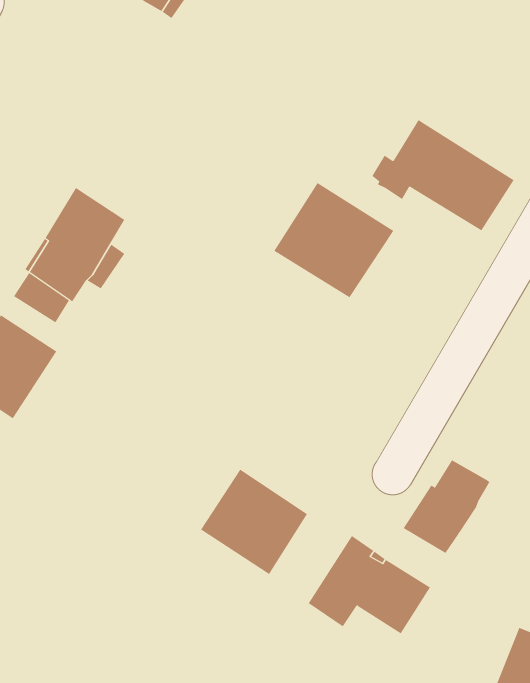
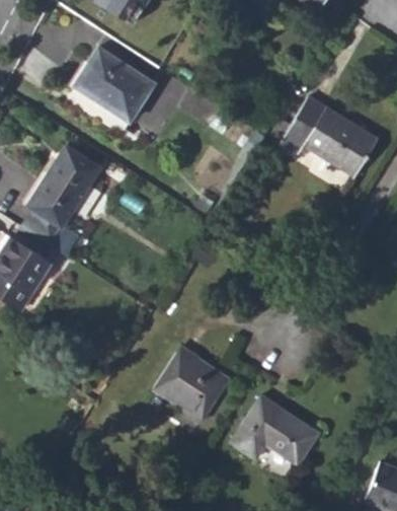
building: none -> [66,47,154,134]
building: [274,182,394,298] -> none
building: [403,460,490,554] -> none

